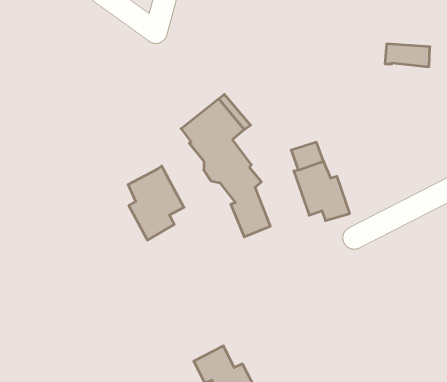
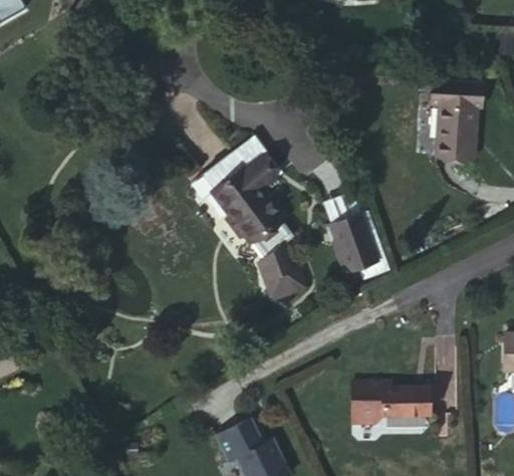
building: none -> [436,104,476,158]
building: [128,166,184,240] -> none
building: none -> [351,381,430,422]

